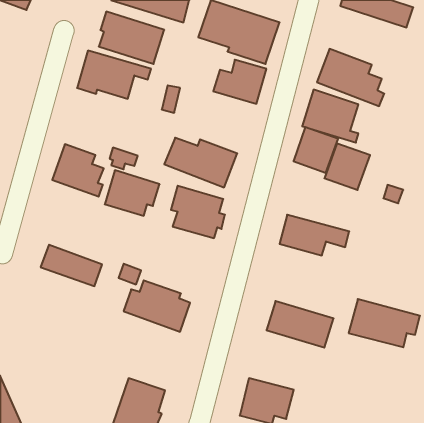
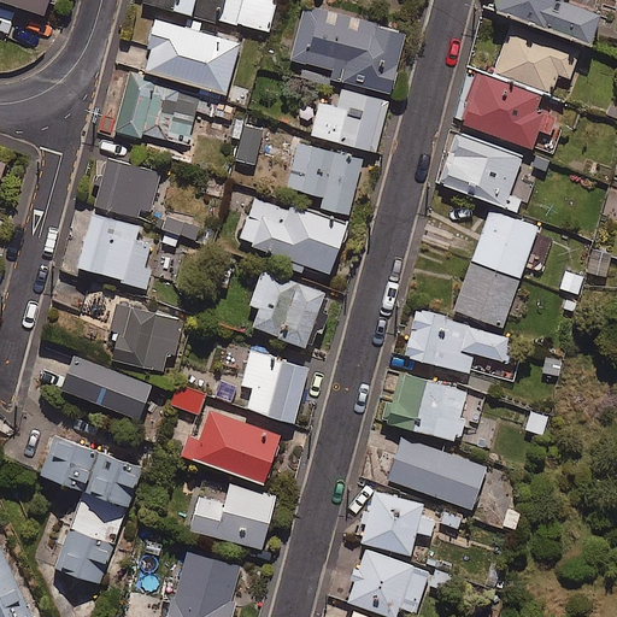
building: none -> [493,27,578,94]
building: none -> [287,142,362,215]
building: none -> [94,158,160,216]
building: [293,127,338,173] -> [454,260,519,327]
building: [105,170,160,216] -> [104,304,183,370]
building: none -> [240,348,308,422]
building: [349,299,420,347] -> [381,371,484,441]
building: none -> [37,437,139,582]
building: none -> [187,483,275,550]
building: none -> [360,490,434,554]

